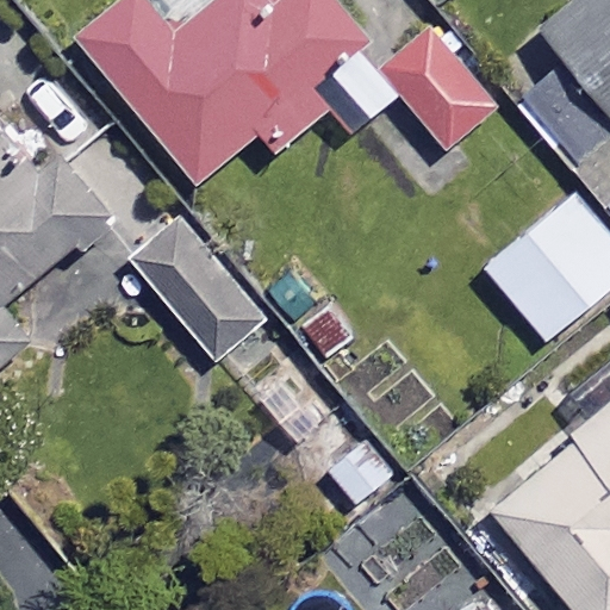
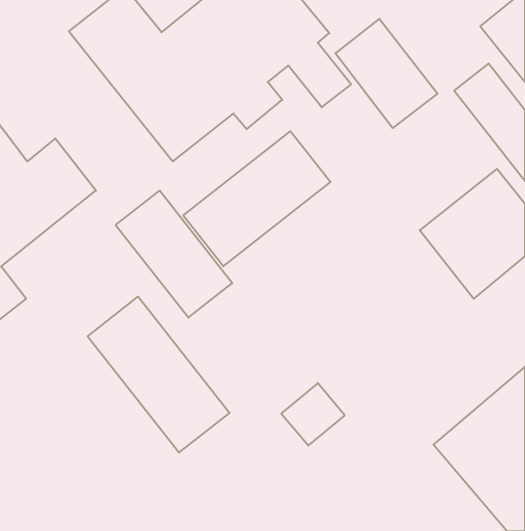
building: none -> [183,131,330,266]
building: none -> [88,297,230,453]

